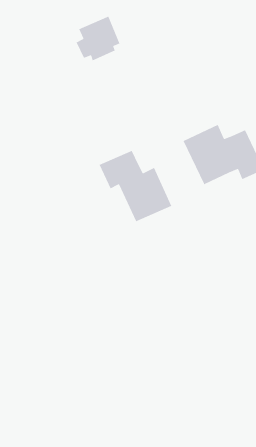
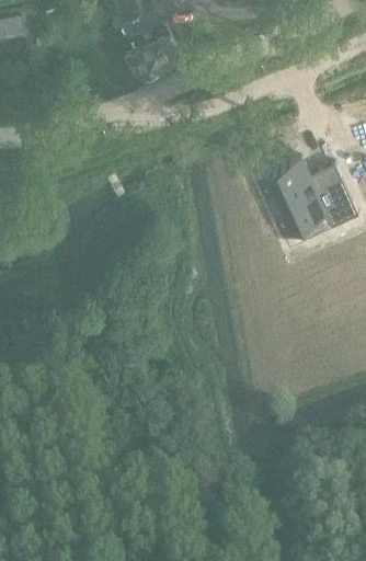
building: [99,150,172,223] -> none

